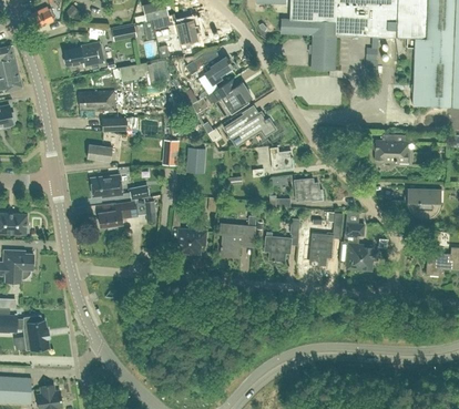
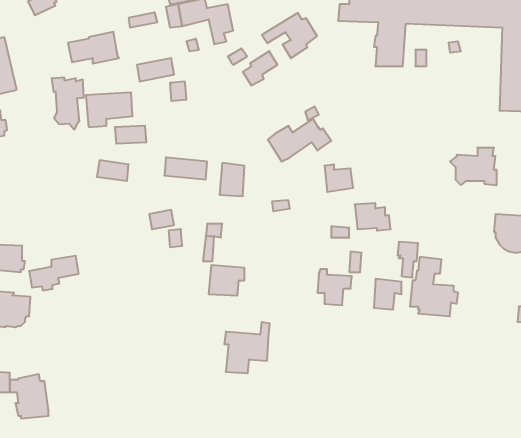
building: none -> [52,77,84,130]
building: [206,78,251,114] -> [262,13,317,58]
building: [90,174,122,197] -> none
building: [98,201,137,228] -> [29,256,79,290]
building: [220,215,256,256] -> [224,322,270,373]

